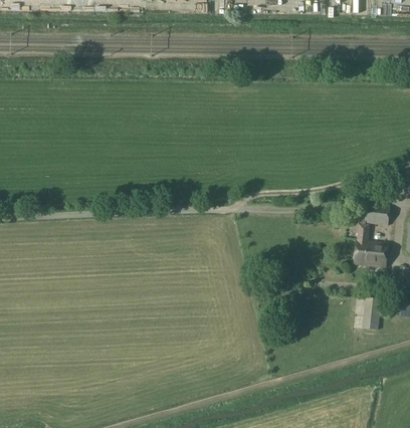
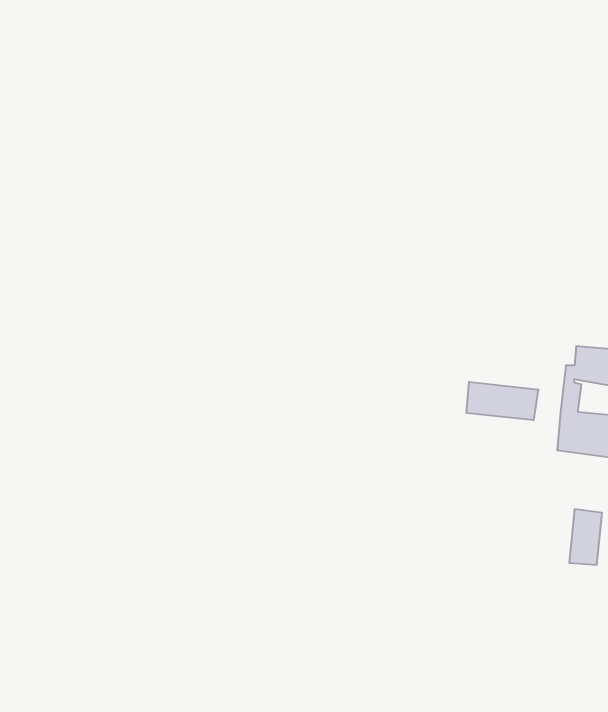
building: none -> [467,382,538,420]

